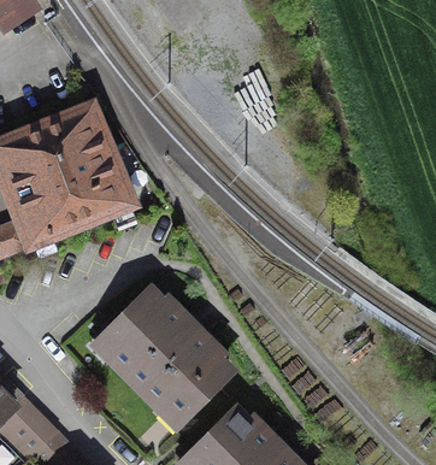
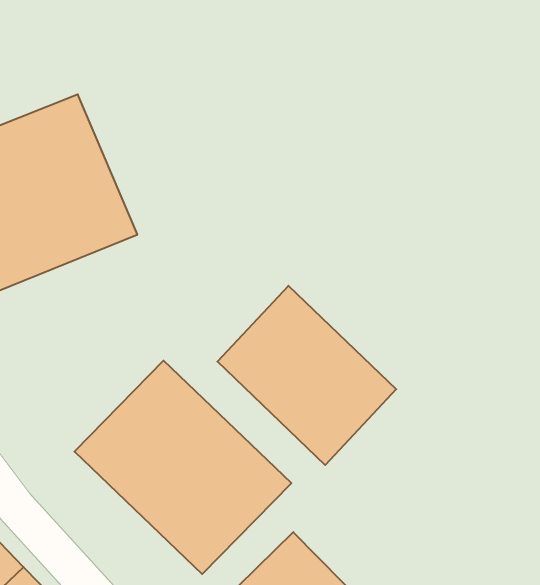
building: none -> [217,286,396,465]

